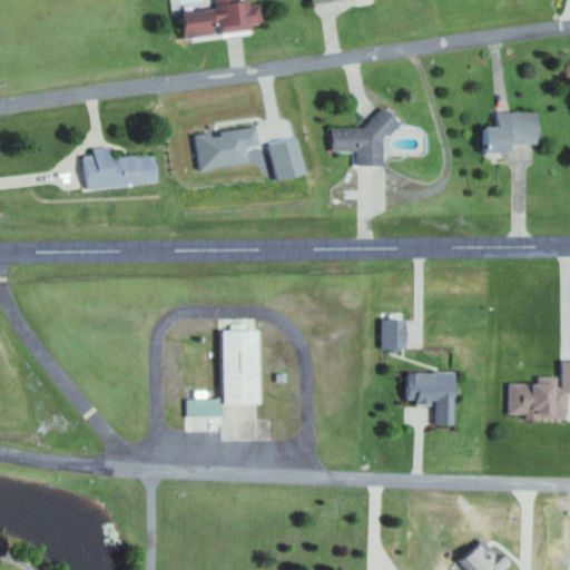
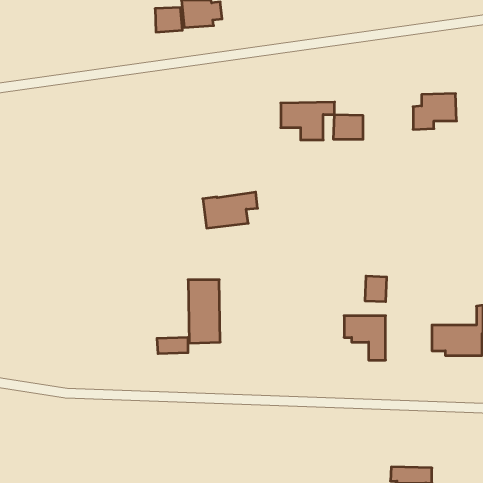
building: [194,126,258,168] -> [203,192,258,228]
building: none -> [334,114,363,139]
building: [267,137,305,180] -> none
building: [83,145,157,187] -> none
building: [381,318,406,348] -> [365,276,387,302]

